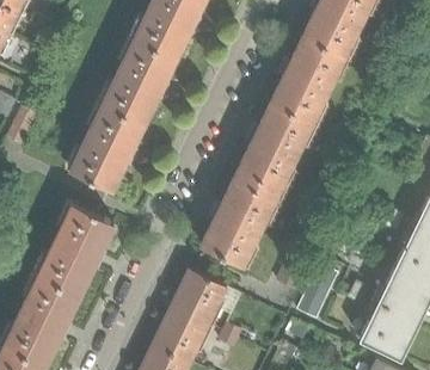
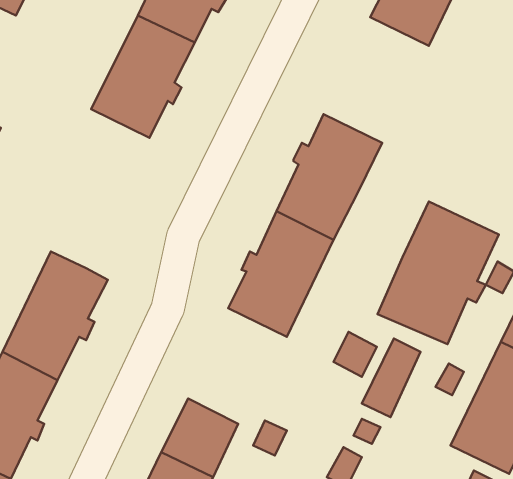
building: [269,33,344,123] -> none
building: [69,99,145,187] -> none
building: none -> [378,202,499,344]
building: [172,267,226,323] -> none

